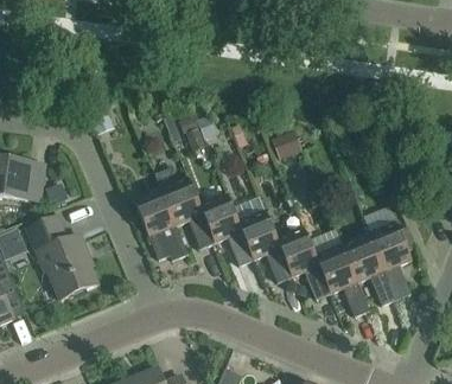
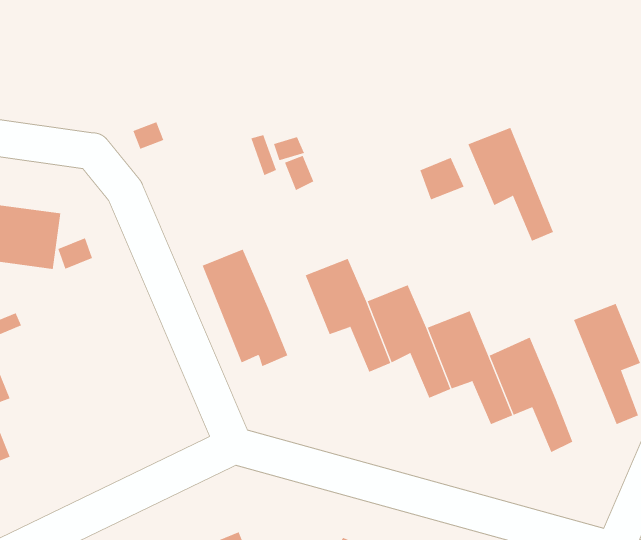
building: [155,168,215,248] -> none
building: [27,216,98,300] -> none
building: [342,232,396,305] -> [468,127,554,241]

